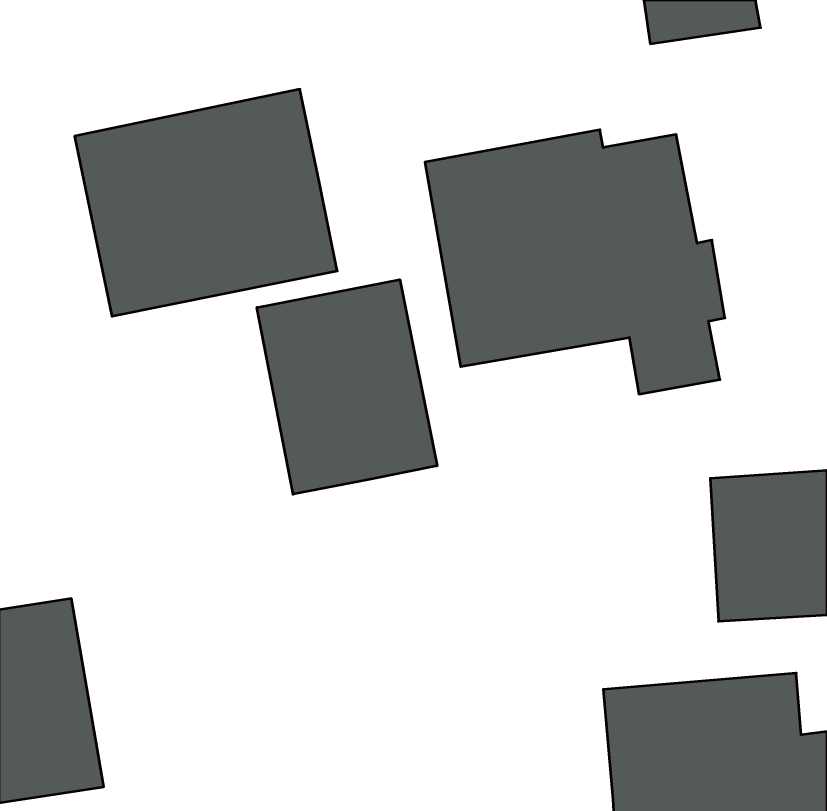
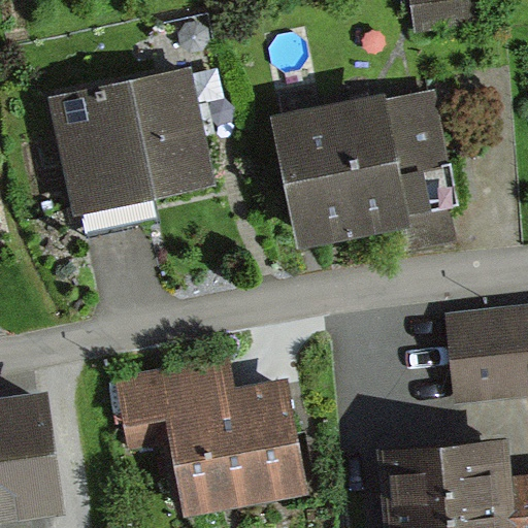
building: [257,280,437,494] -> none
building: none -> [114,361,308,517]

